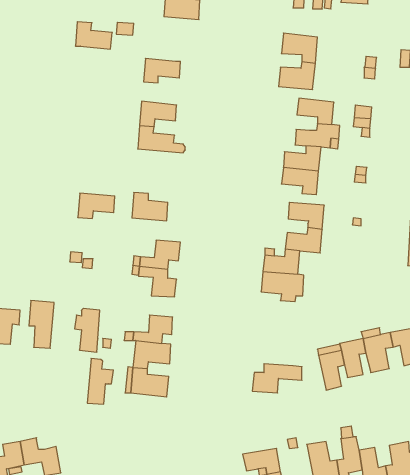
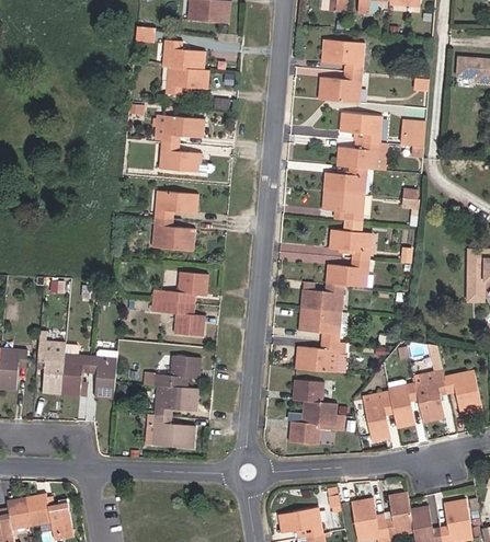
building: [75,22,112,49] -> [162,41,204,71]
building: [78,193,115,218] -> [155,192,196,220]
building: none -> [295,341,344,372]
building: none -> [293,380,335,414]
building: [87,358,113,404] -> [60,344,90,395]

